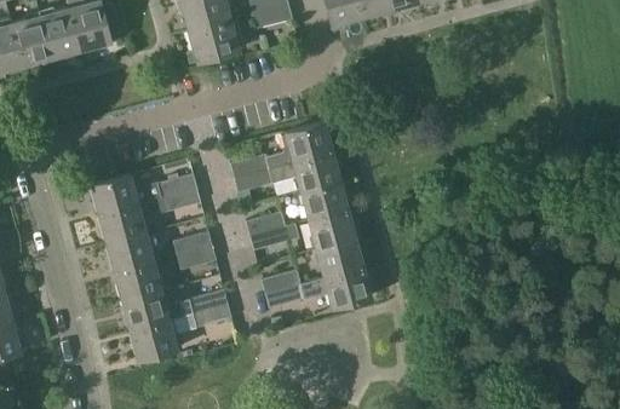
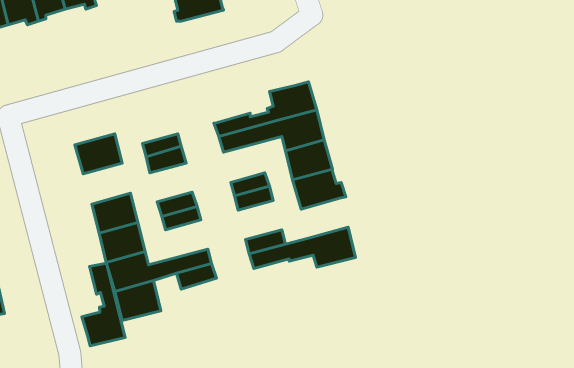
building: [98,203,145,244] -> none
building: [316,238,363,278] -> none
building: none -> [82,263,125,346]

